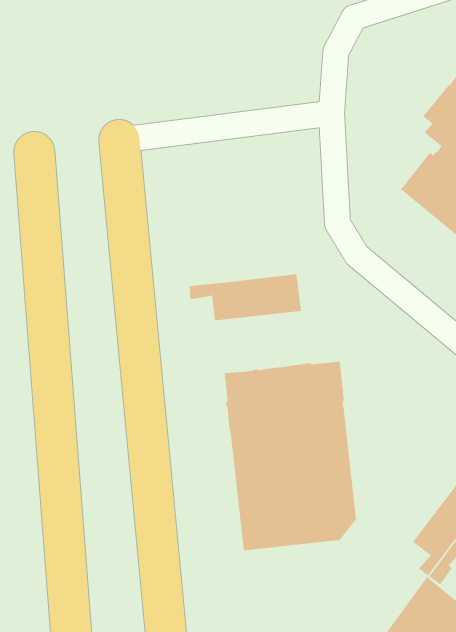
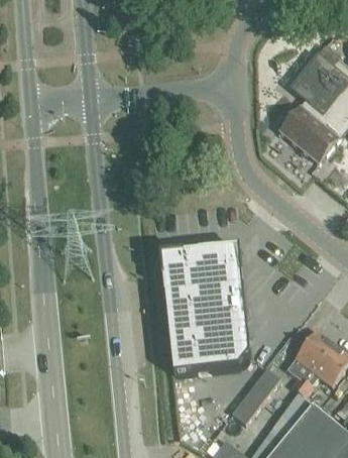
building: [189,273,302,321] -> none
building: none -> [232,367,280,424]

